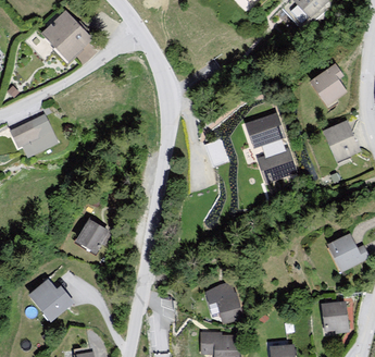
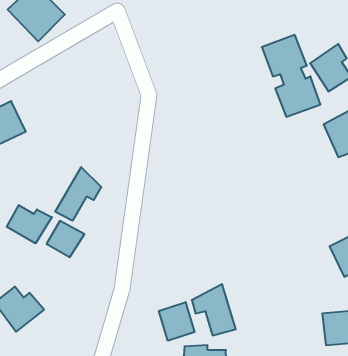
building: [245,111,297,184] -> [262,35,320,117]
building: none -> [55,167,101,221]
building: none -> [7,205,52,243]
building: none -> [159,302,194,341]

